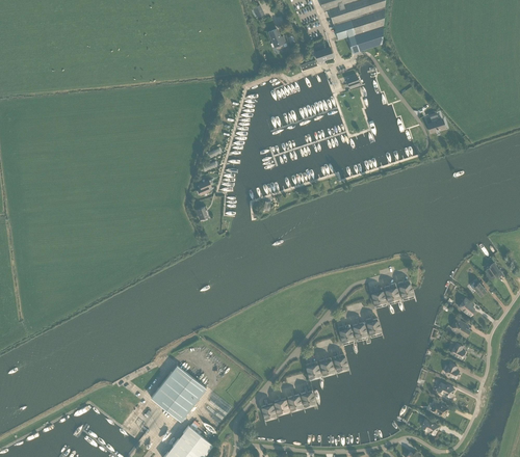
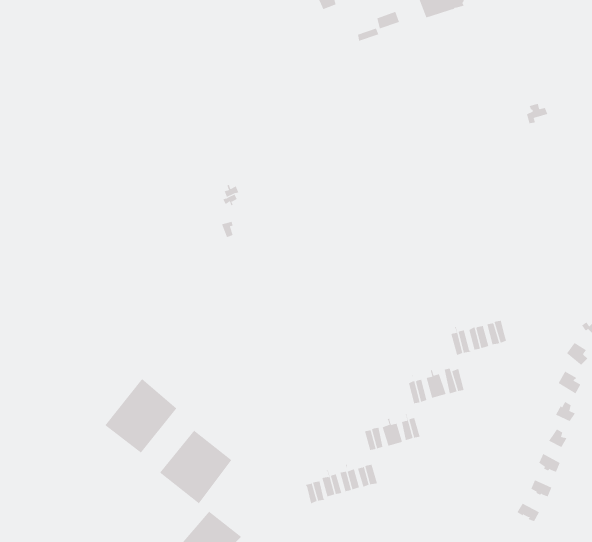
building: none -> [105,378,177,453]

